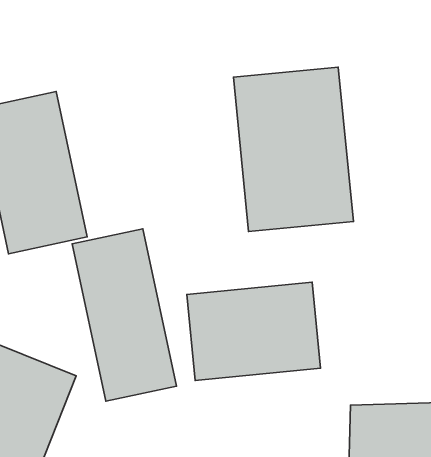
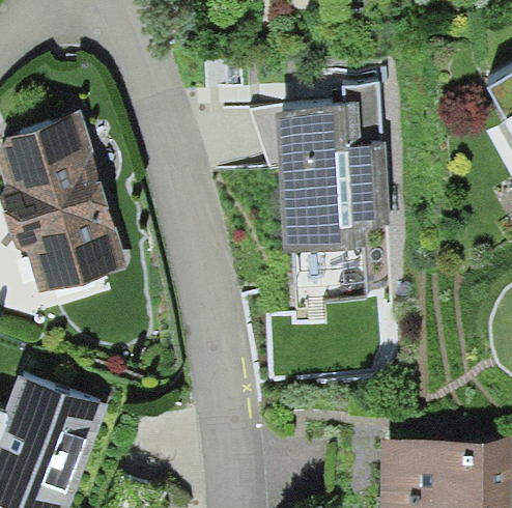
building: [72,229,177,401] -> none
building: [187,282,320,380] -> none

